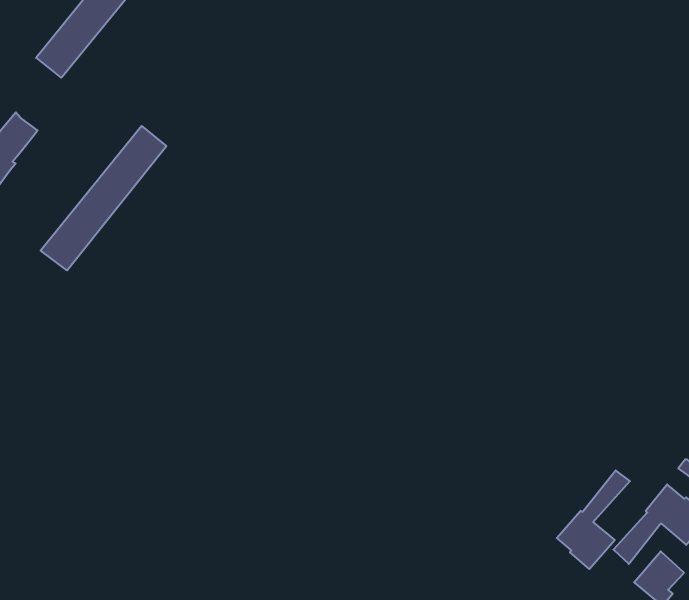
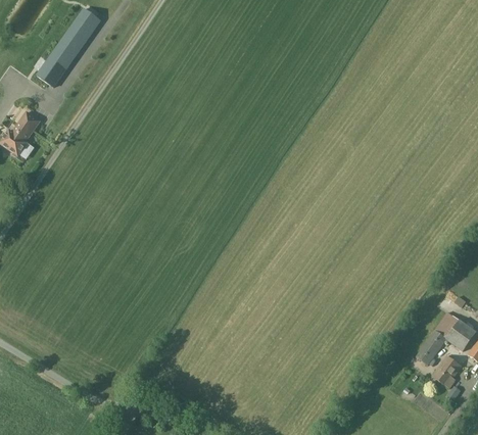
building: [41,126,166,270] -> none
building: [557,470,630,569] -> none

